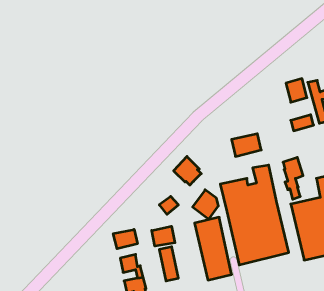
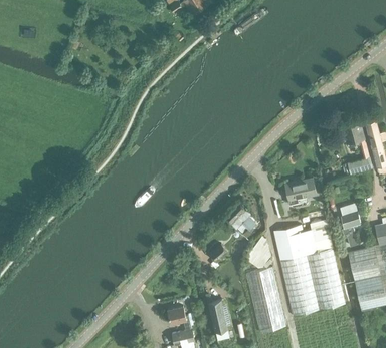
building: [152,226,175,246] -> none
building: [113,229,137,249] -> none

